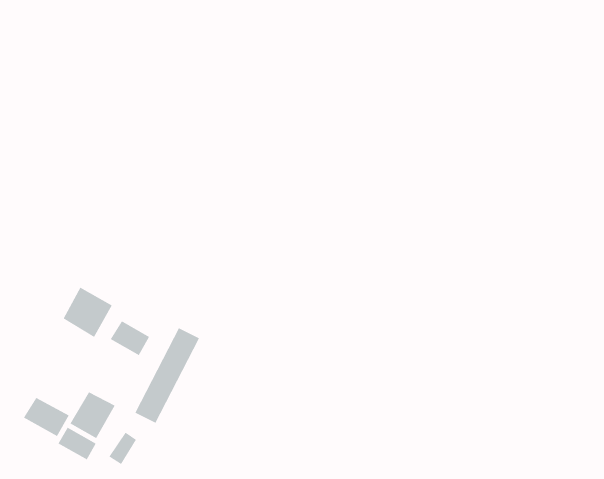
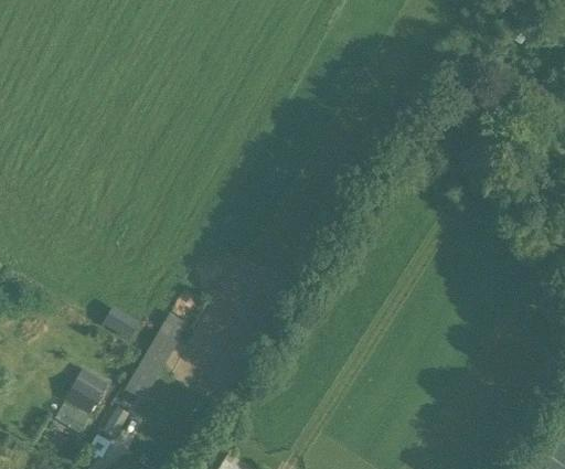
building: [63,287,113,338] -> none
building: [23,397,69,437] -> none

